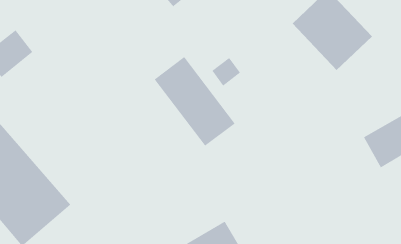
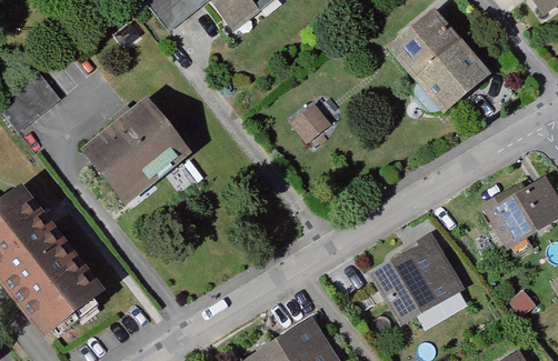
building: [154,56,236,147] -> none
building: none -> [81,102,193,212]
building: none -> [375,238,466,323]

